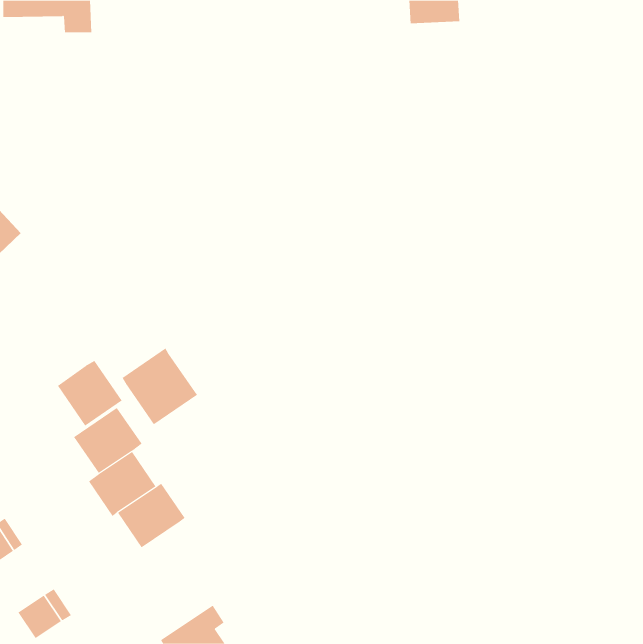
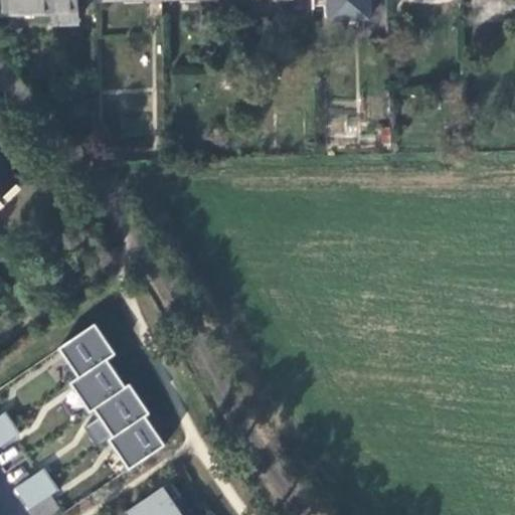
building: [122,348,198,425] -> none
building: [57,360,122,427] -> none
building: none -> [109,416,164,470]

